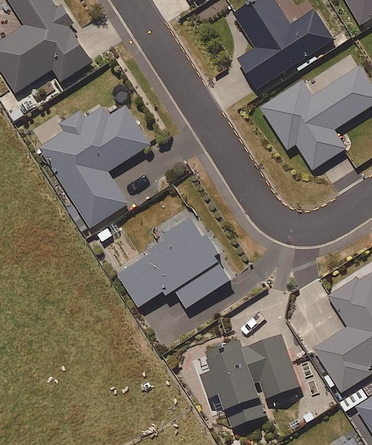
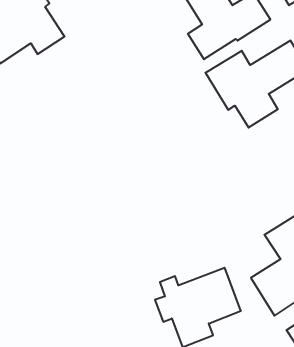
building: [38,104,151,234] -> none
building: [119,219,230,307] -> none

